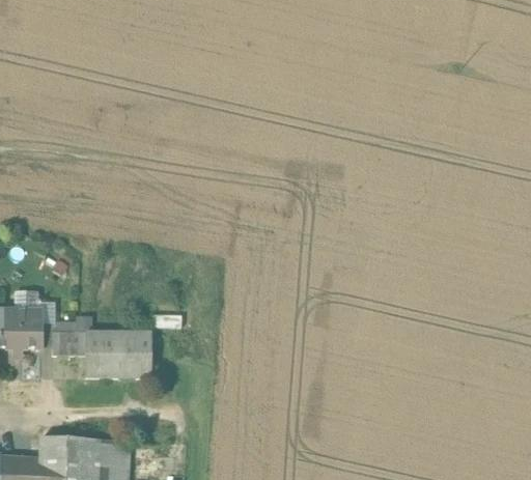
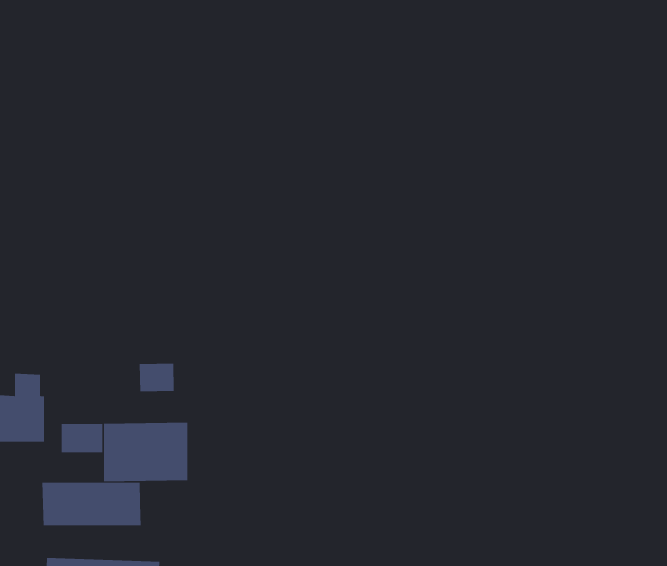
building: none -> [139,363,174,392]
building: none -> [42,482,141,526]

